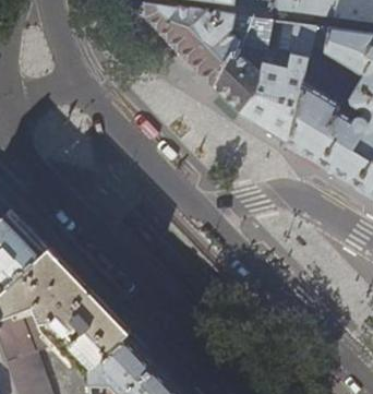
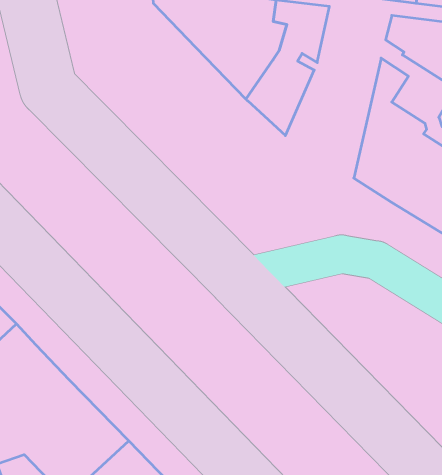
building: [239,20,315,143] -> none

